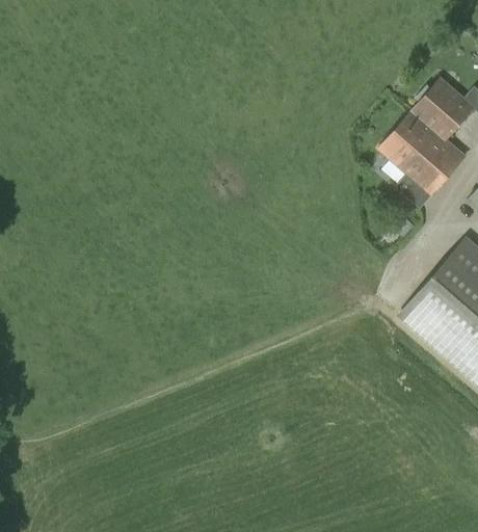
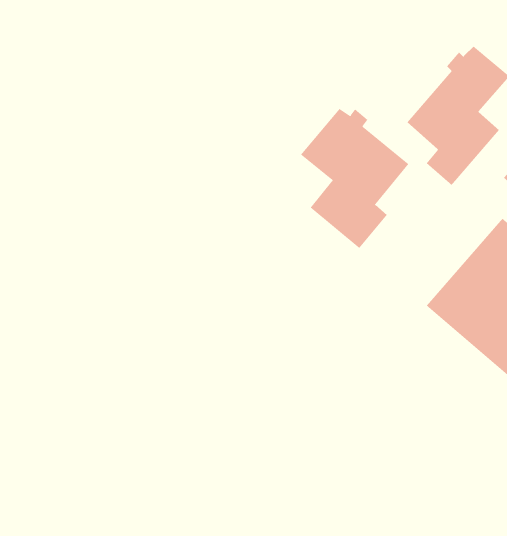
building: none -> [300,108,409,249]

